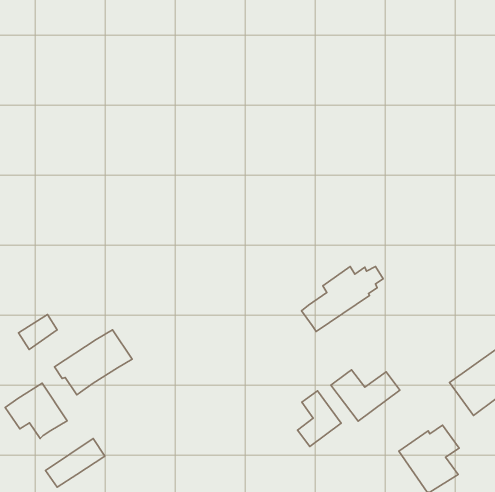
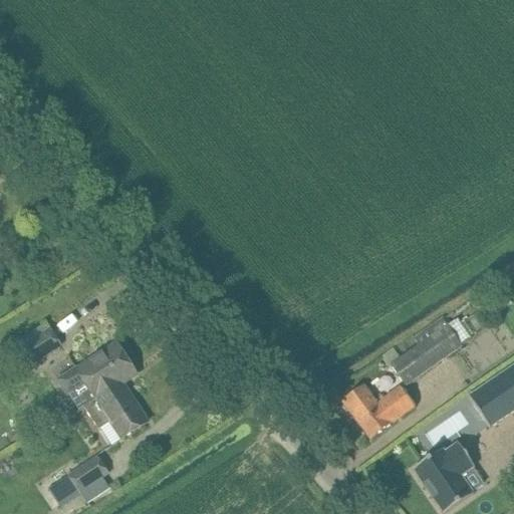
building: [302,266,383,331] -> [393,315,477,382]
building: [5,383,67,438] -> [84,380,149,438]
building: [297,391,341,447] -> none

